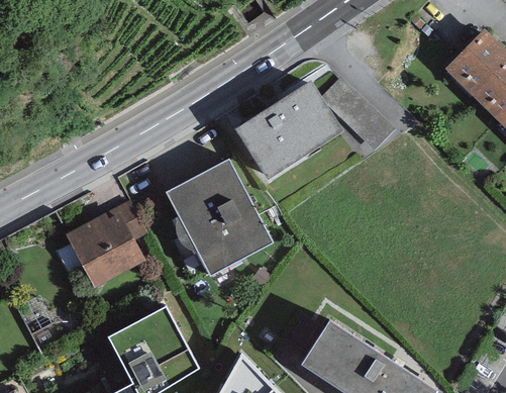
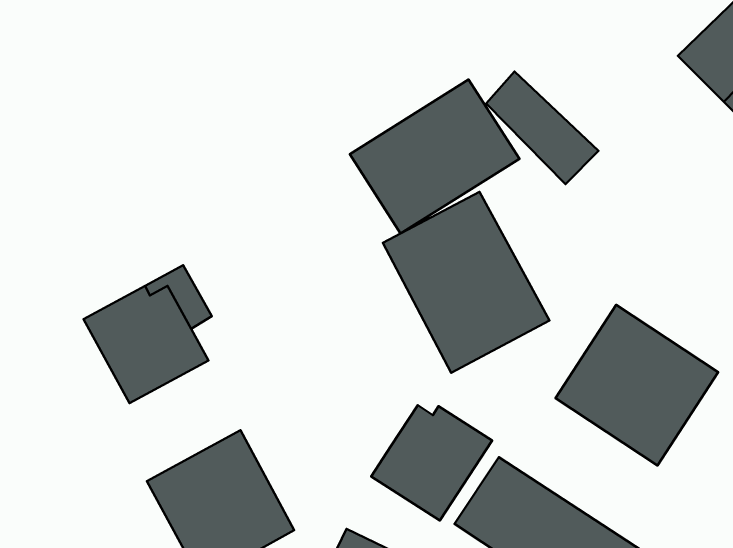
building: [166,160,272,275] -> [383,192,549,373]
building: none -> [555,305,718,465]
building: none -> [371,405,492,521]

